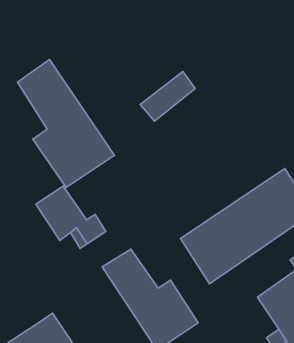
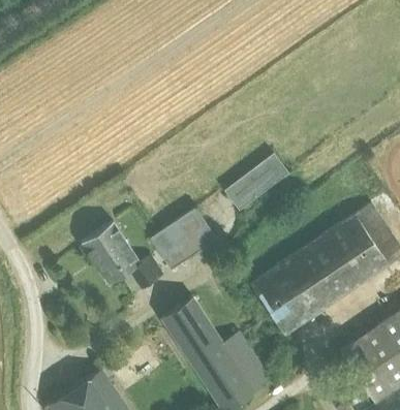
building: [17,59,114,187] -> none
building: [140,72,195,121] -> [224,153,288,211]
building: none -> [150,208,217,270]

